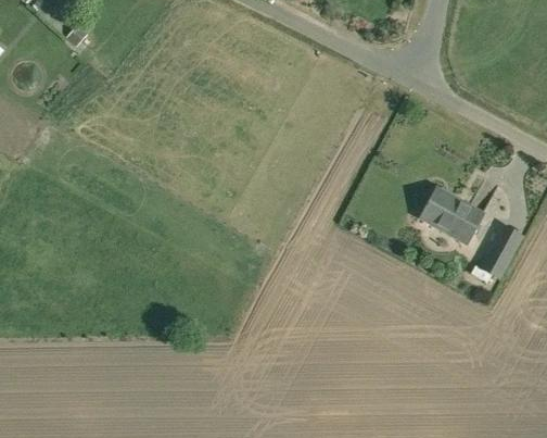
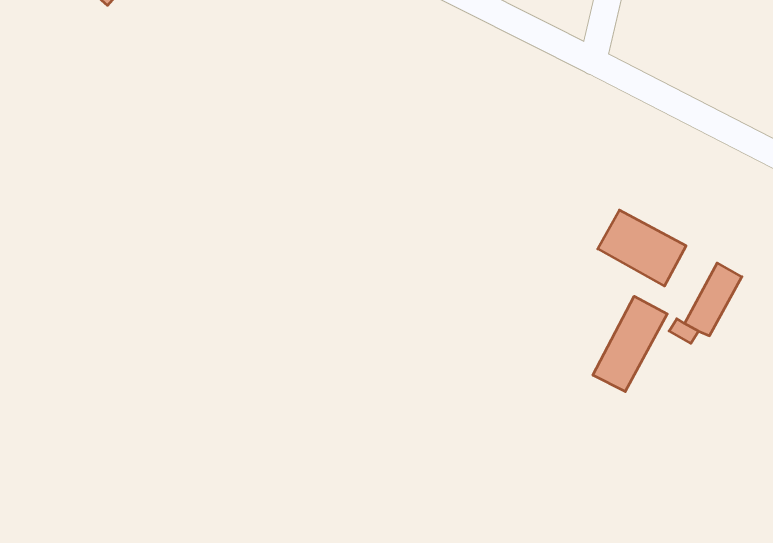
building: none -> [593,296,667,392]

